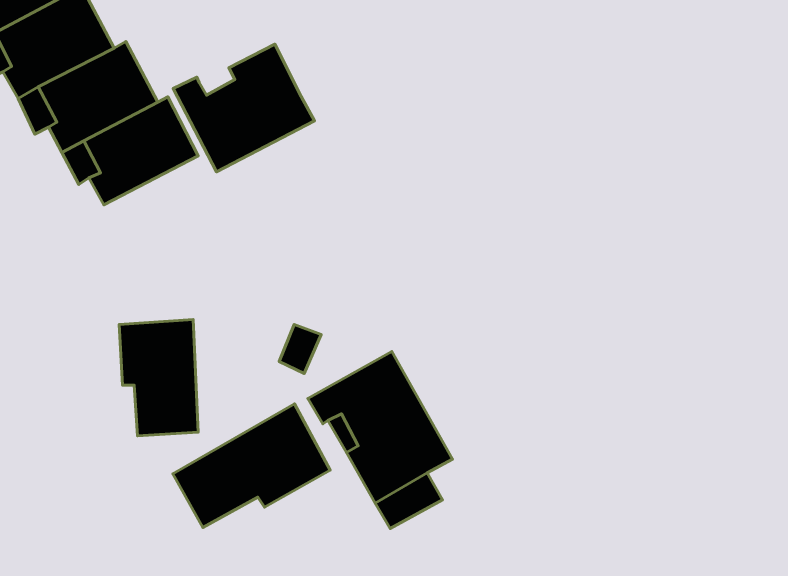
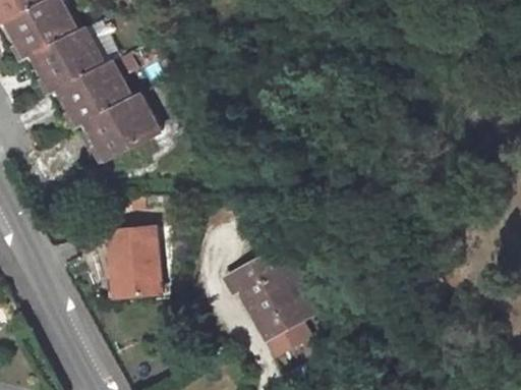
building: [173,44,314,172] -> none
building: [173,404,330,527] -> none

